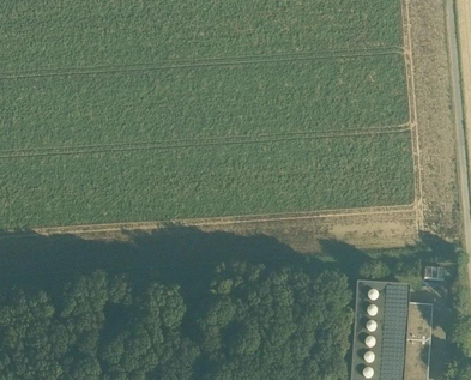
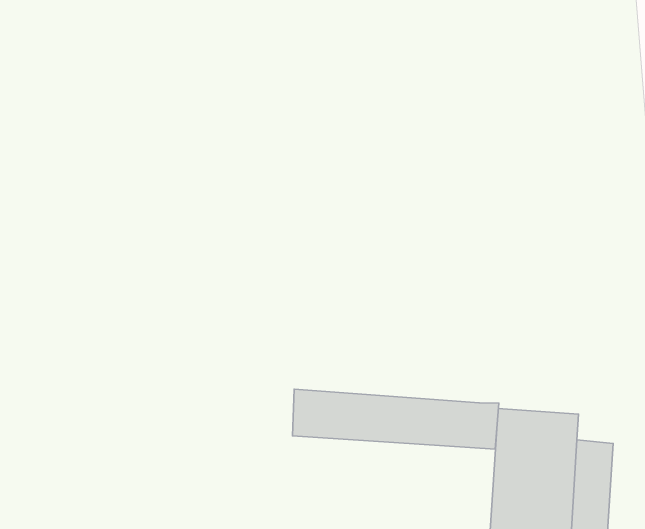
building: none -> [292,389,499,449]

